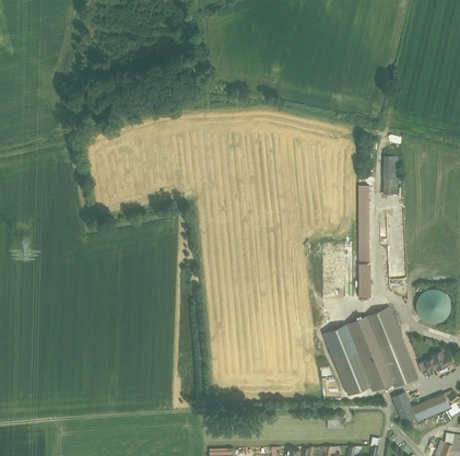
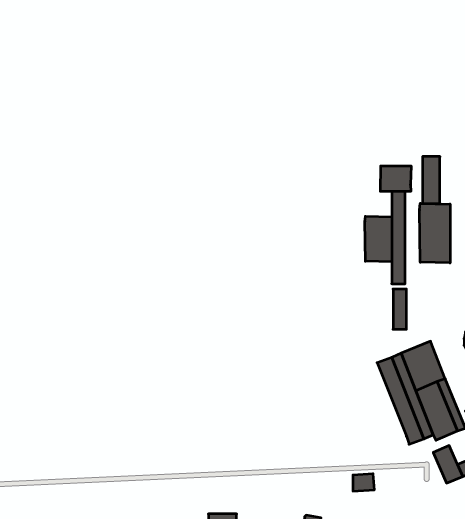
building: none -> [380,166,411,191]
building: none -> [420,203,450,263]
building: none -> [365,216,392,262]
building: [322,324,369,393] -> none

